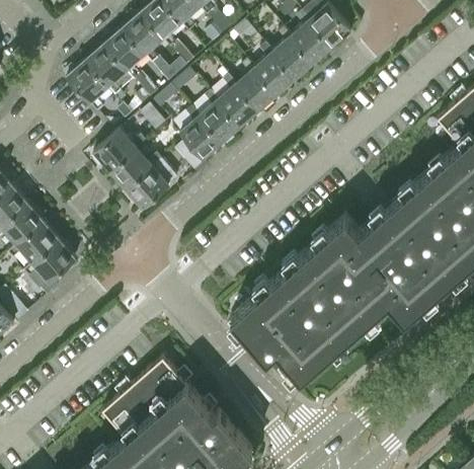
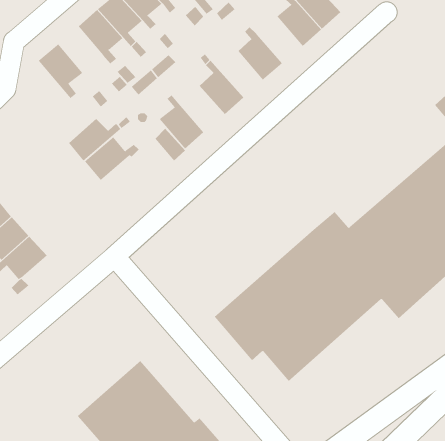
building: [272,27,315,78] -> none
building: [86,44,128,95] -> none
building: [236,60,278,110] -> none
building: [200,91,242,143] -> none
building: [126,165,178,208] -> none

